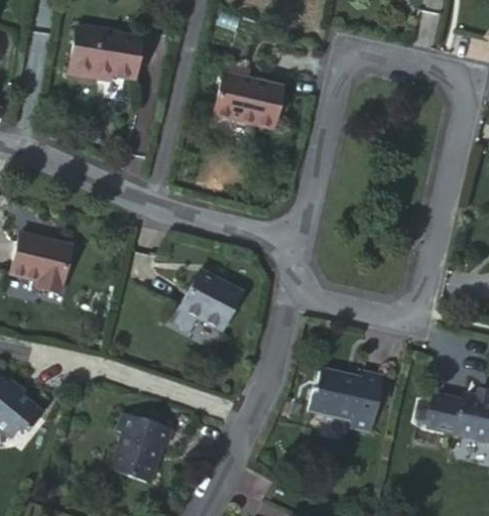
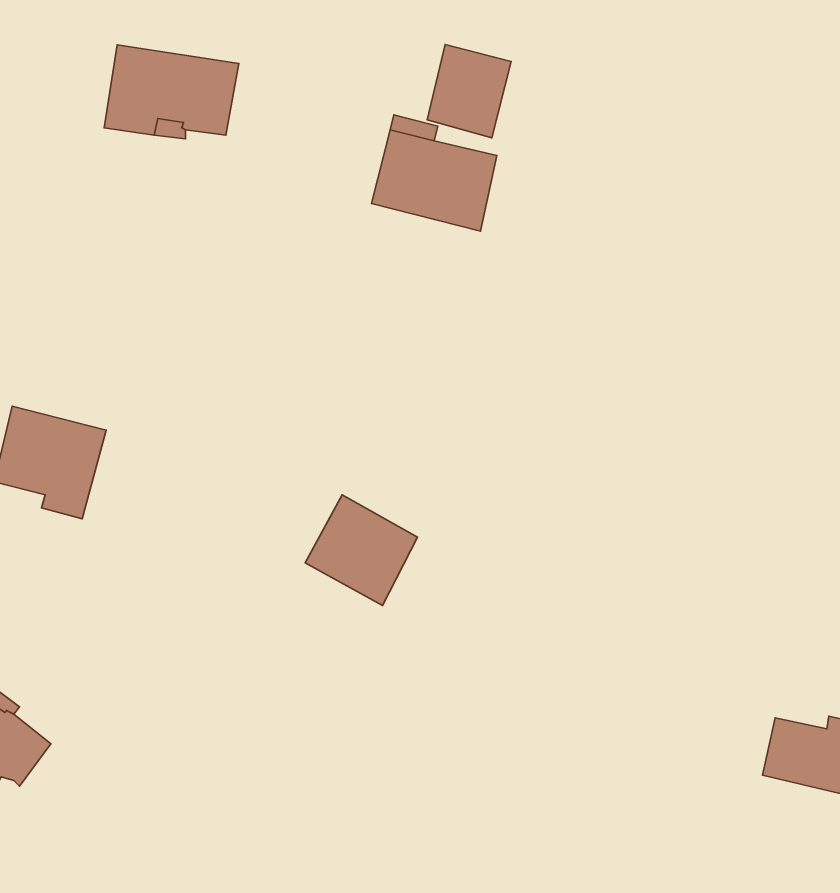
building: none -> [427,45,511,138]
building: [310,370,386,432] -> none
building: [111,412,171,482] -> none

